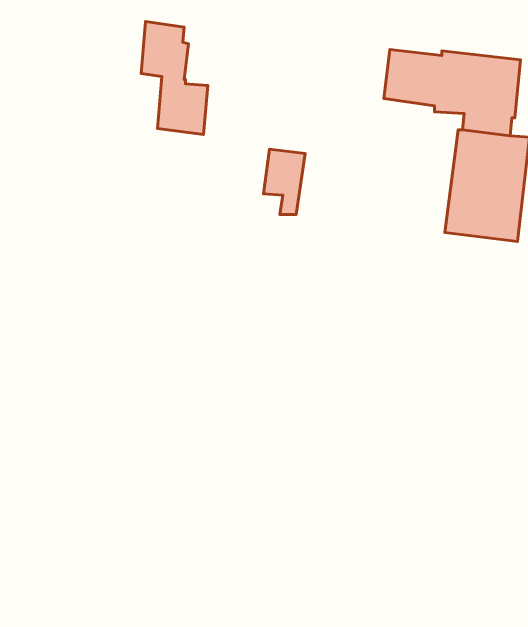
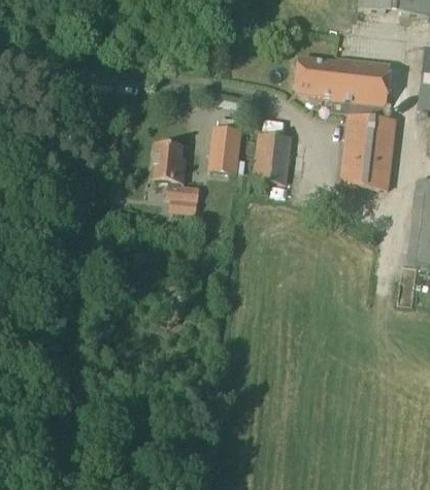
building: [141,21,208,134] -> [154,142,200,221]
building: none -> [253,131,293,184]

